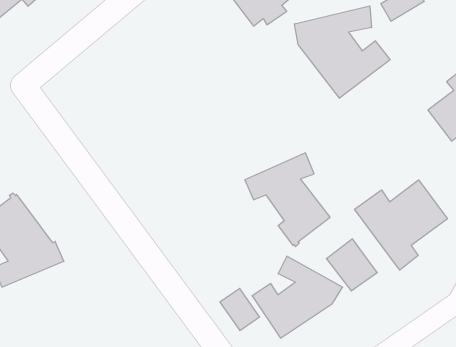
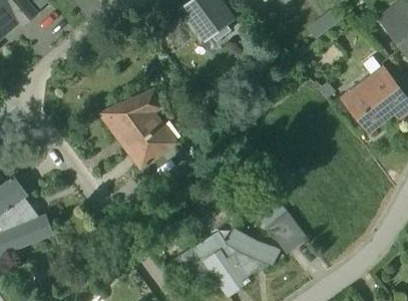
building: [295,6,390,98] -> none
building: [245,153,330,247] -> [104,88,173,165]
building: [355,180,447,270] -> none

